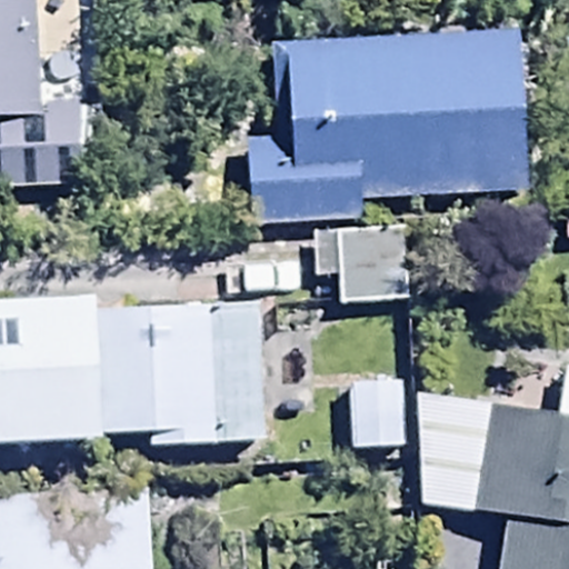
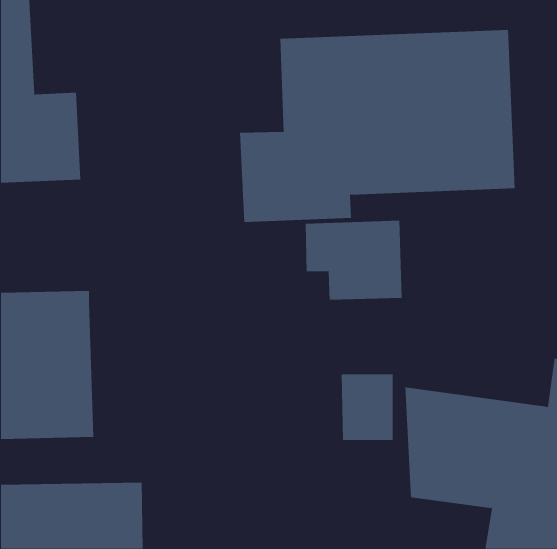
building: [94,302,264,443] -> none

